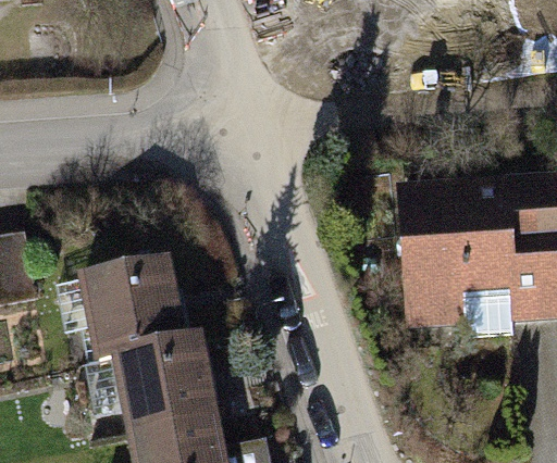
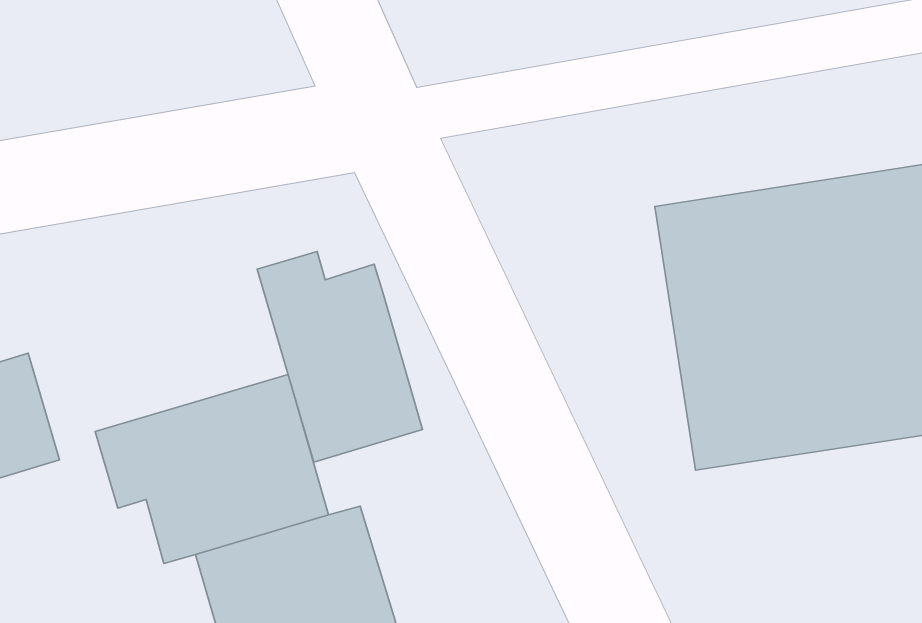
building: none -> [257,252,423,462]

